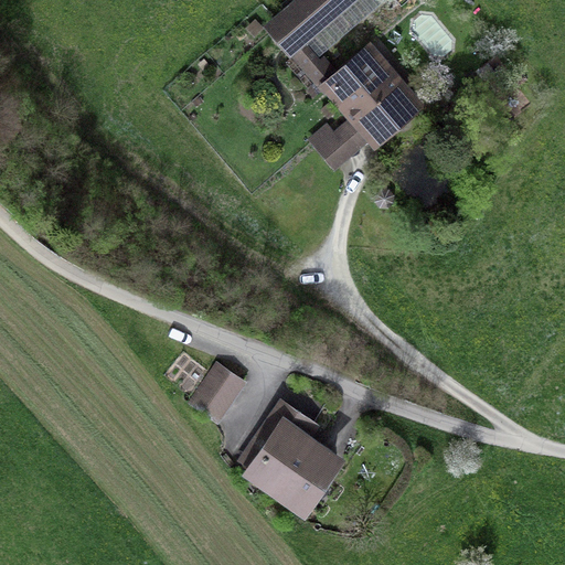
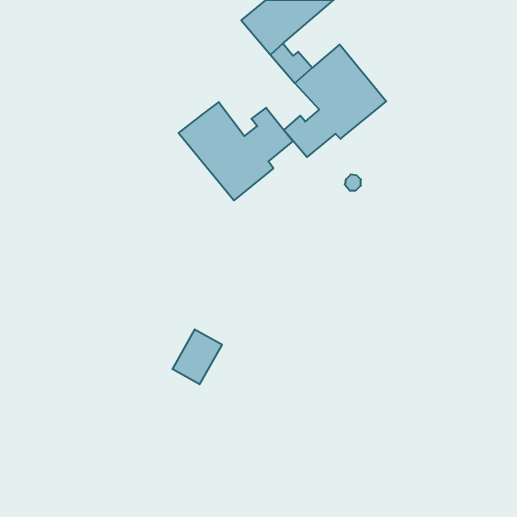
building: none -> [179,102,293,200]
building: [242,413,348,516] -> none

